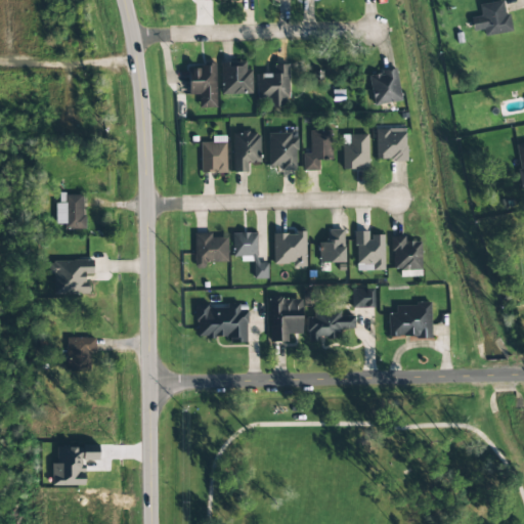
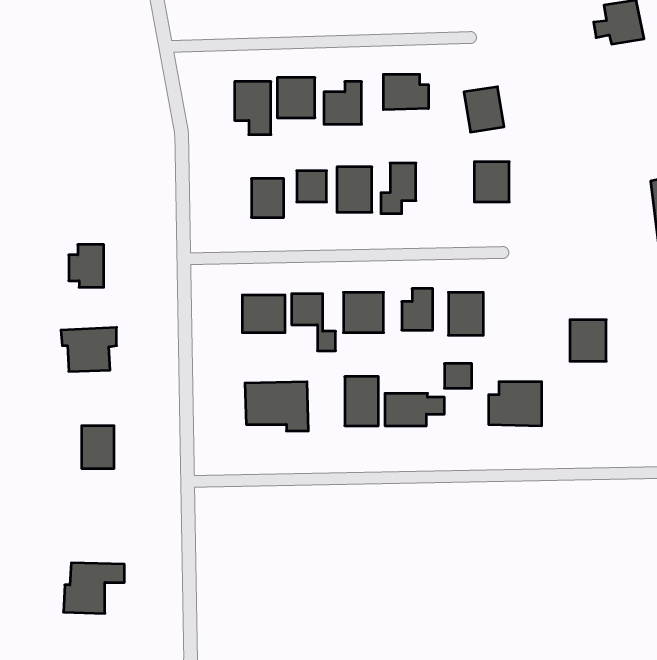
building: none -> [383,74,428,110]
building: [345,133,369,169] -> none
building: [394,236,423,269] -> [570,320,606,361]

